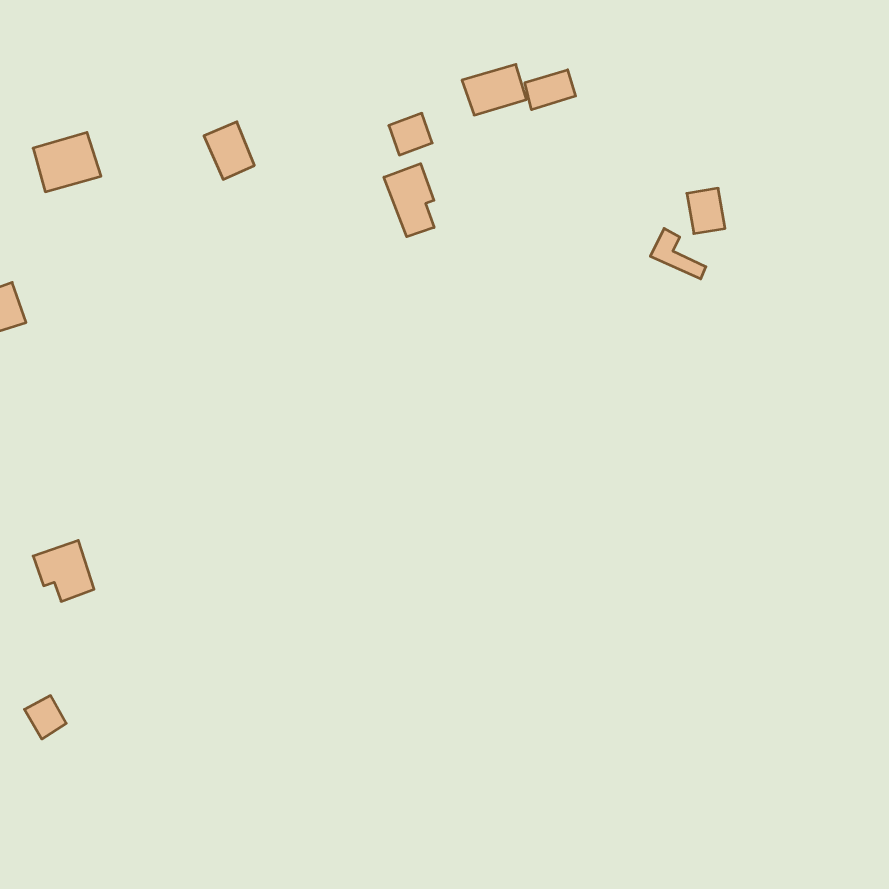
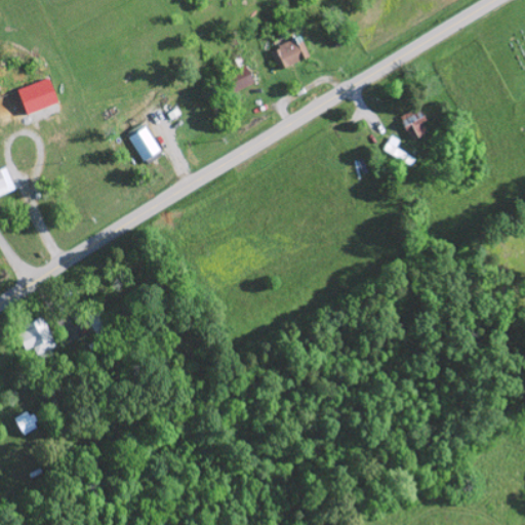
building: [525,70,576,110] -> none
building: [204,122,254,179] -> [130,127,160,161]
building: [384,164,434,237] -> none

